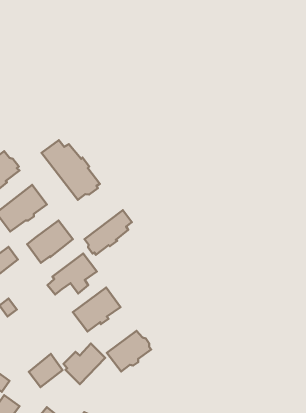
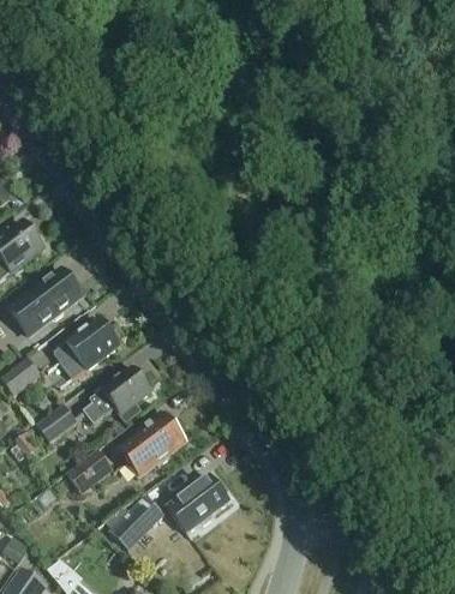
building: [42,140,100,200] -> none
building: [84,210,132,255] -> none
building: none -> [36,403,77,442]
building: [29,354,63,387] -> [65,446,113,493]

